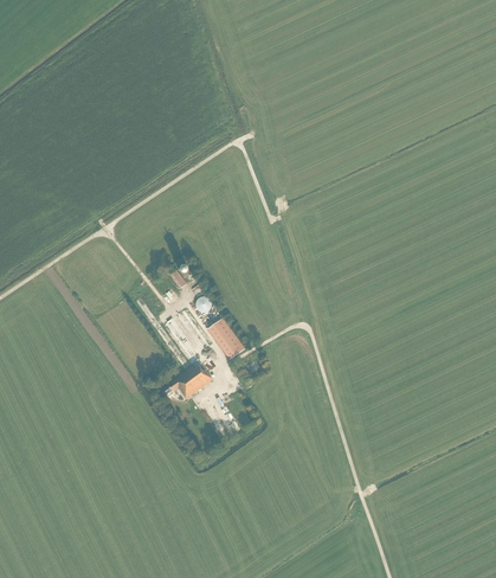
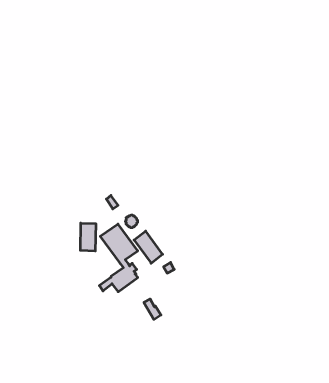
building: none -> [80,223,96,251]

